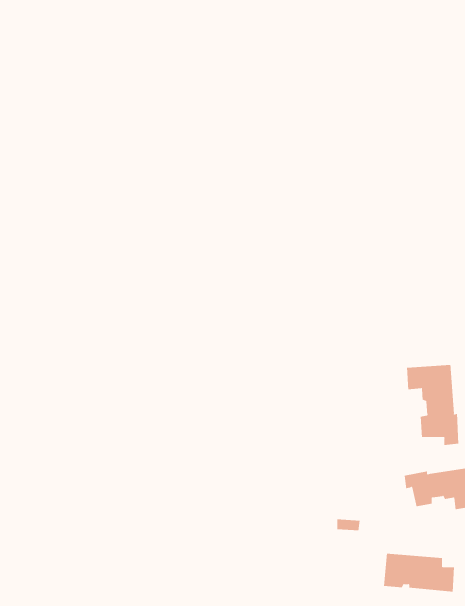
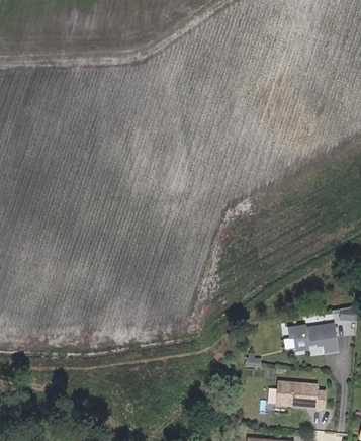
building: [406,364,459,446] -> none

